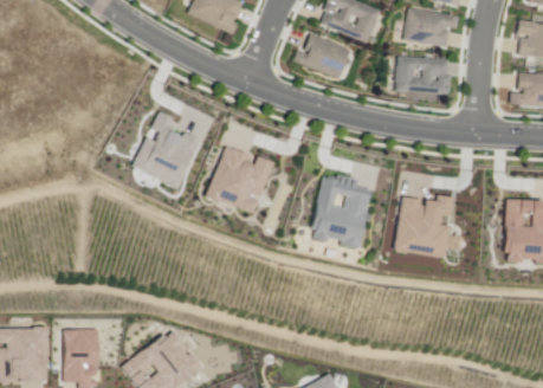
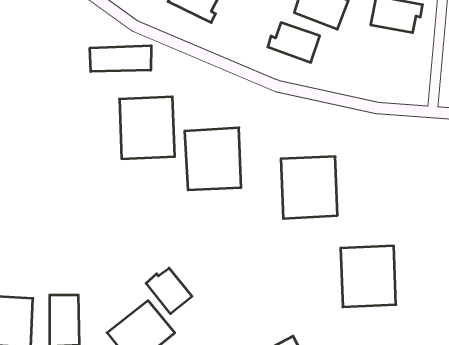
building: [395,57,452,95] -> none
building: none -> [90,46,151,72]
building: [389,193,448,258] -> [341,246,396,307]
building: none -> [146,268,192,314]

